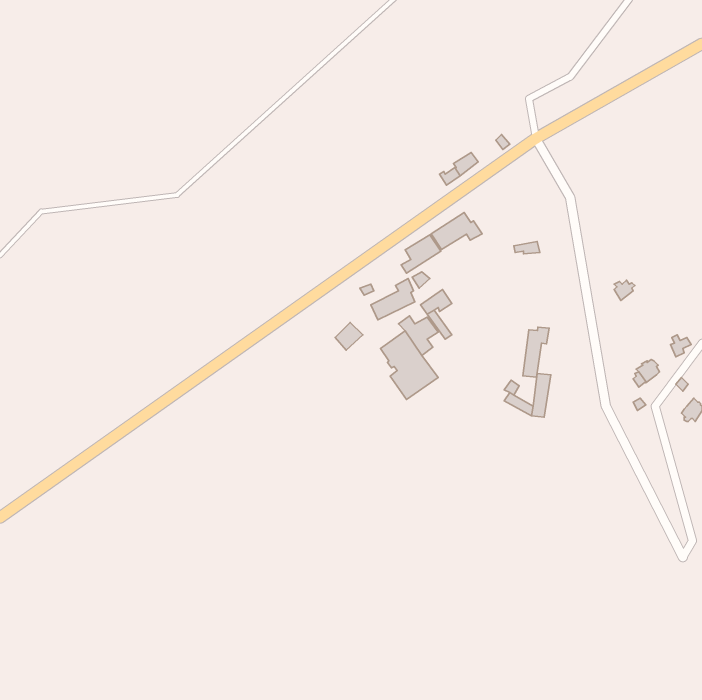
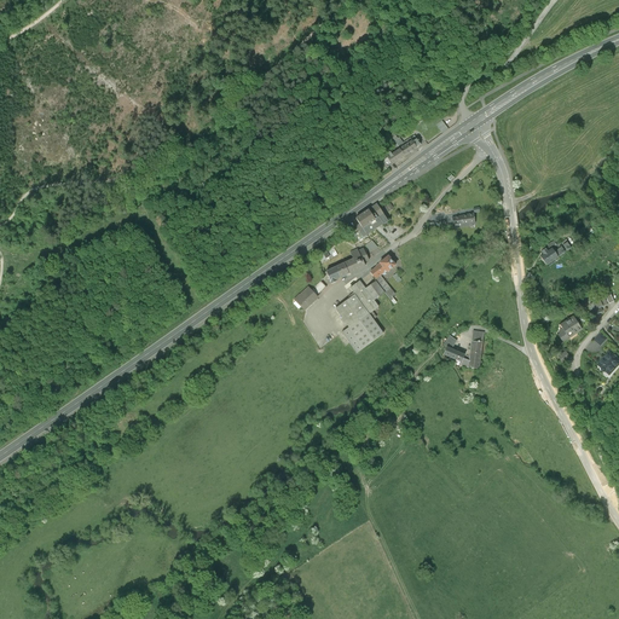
building: [431,213,482,250] -> none
building: [523,327,549,377] -> none

